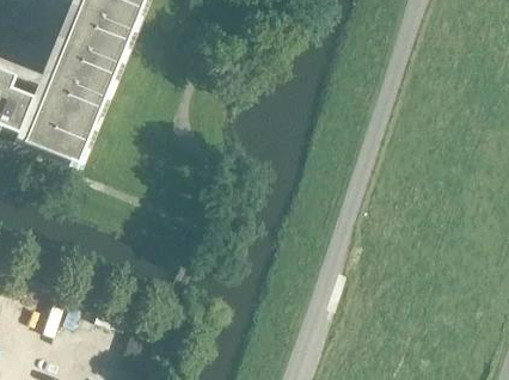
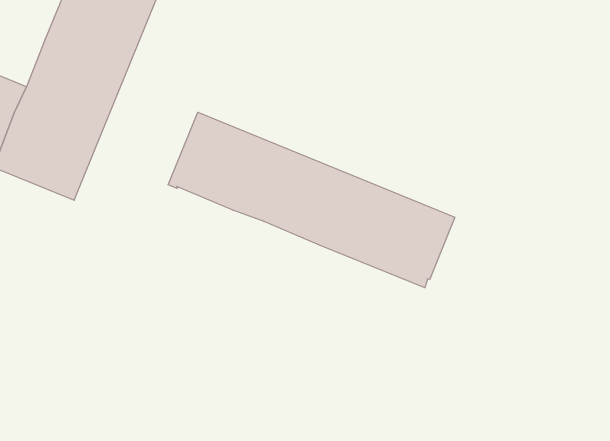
building: none -> [168,112,455,288]

